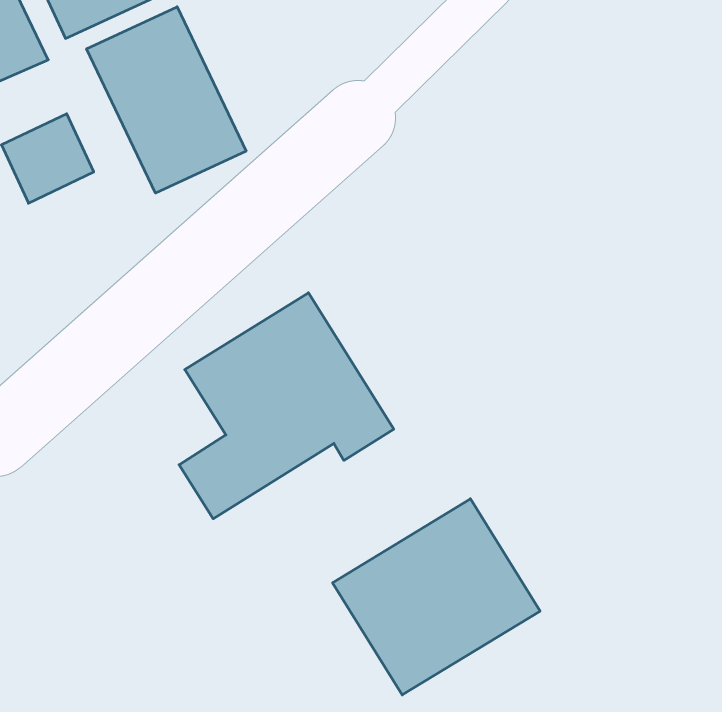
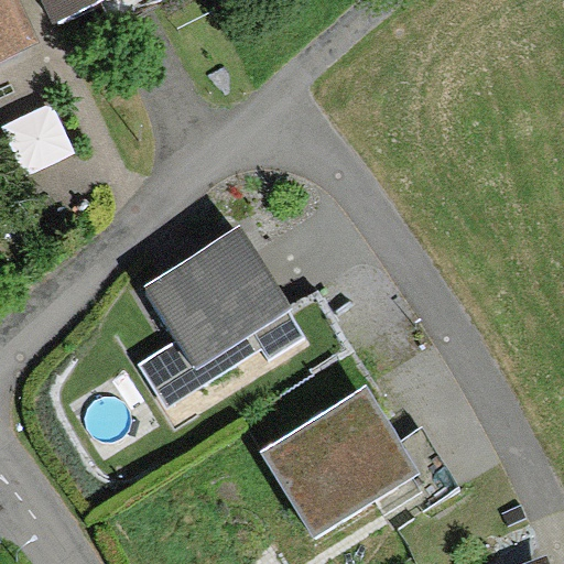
building: [87,7,246,193] -> none

